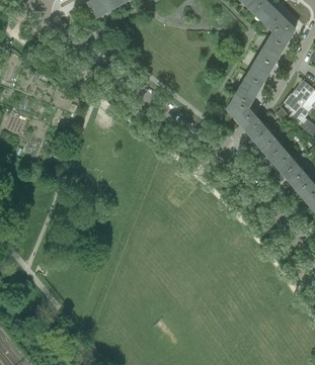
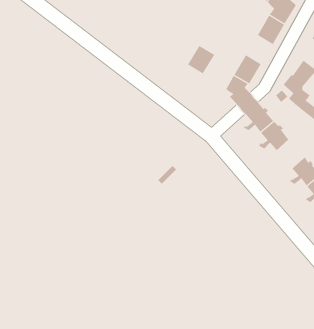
building: [247,59,273,86] -> [187,45,215,74]
building: [274,157,304,184] -> none

